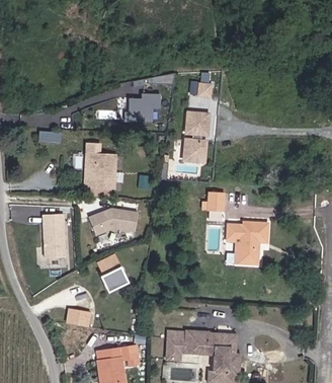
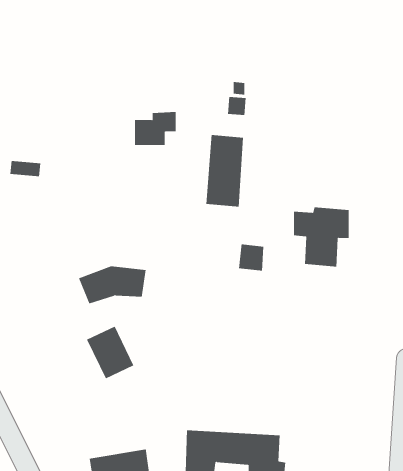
building: [84,152,116,189] -> none
building: [42,213,66,258] -> none
building: [227,220,268,264] -> [293,207,349,267]
building: [65,308,90,328] -> none

